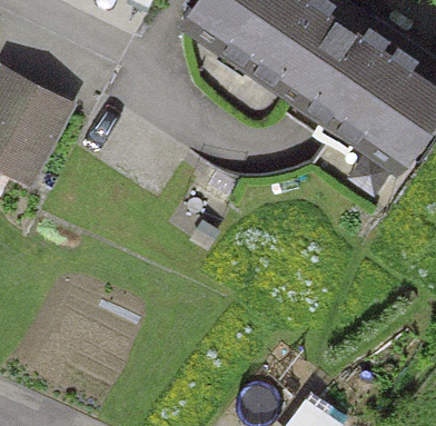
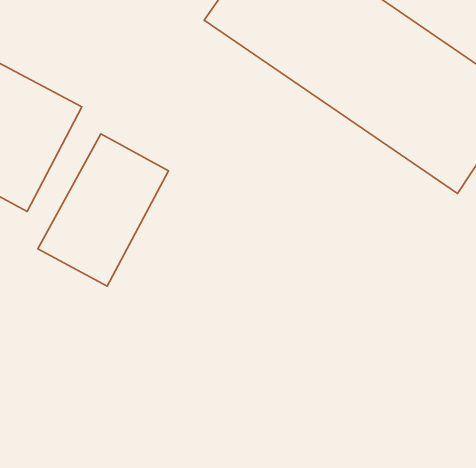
building: none -> [38,134,169,286]

